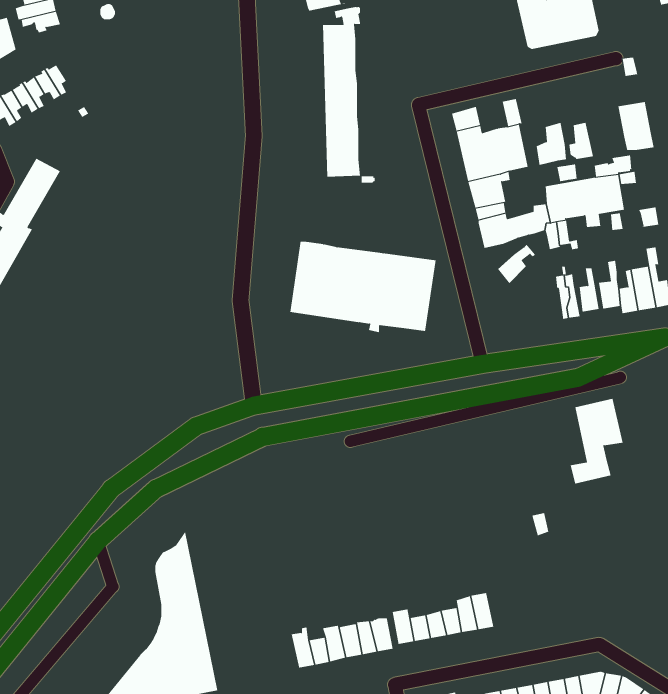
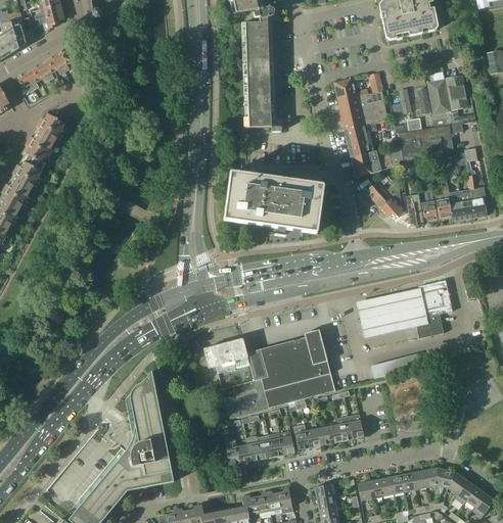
building: none -> [428,79,453,114]
building: none -> [374,179,407,216]
building: none -> [355,285,427,336]
building: none -> [203,329,335,418]

